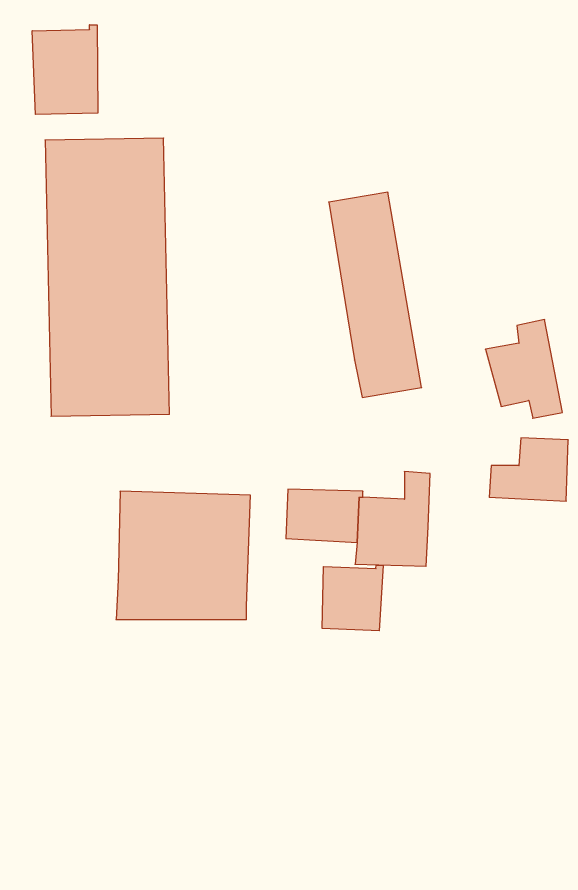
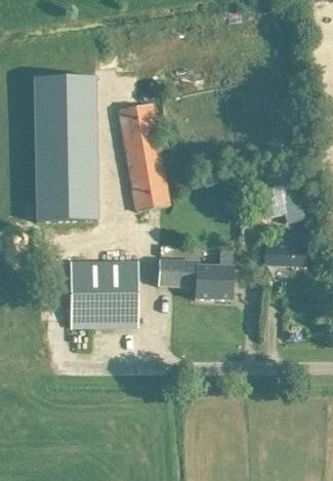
building: [32,25,98,114] -> none
building: [329,192,422,397] -> [119,103,167,209]
building: [322,565,383,631] -> none

